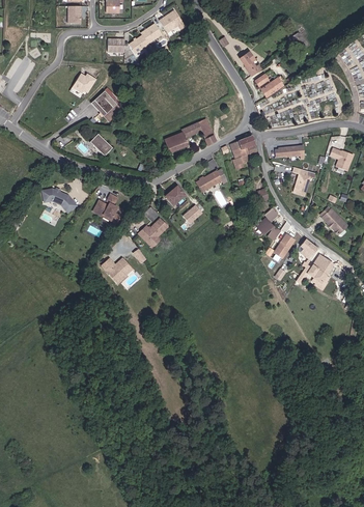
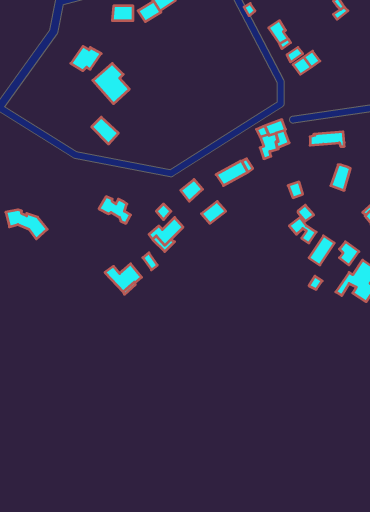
building: [164,118,216,151] -> none
building: [45,188,80,213] -> [6,210,47,239]

